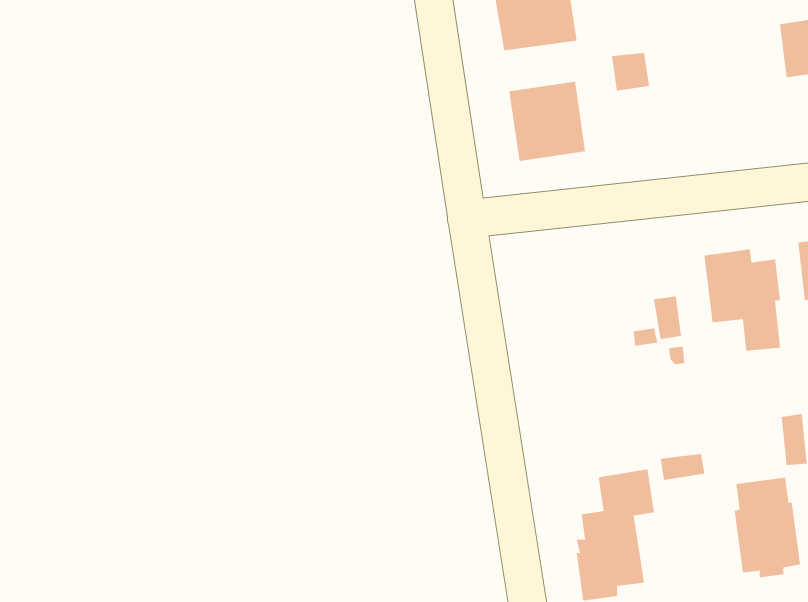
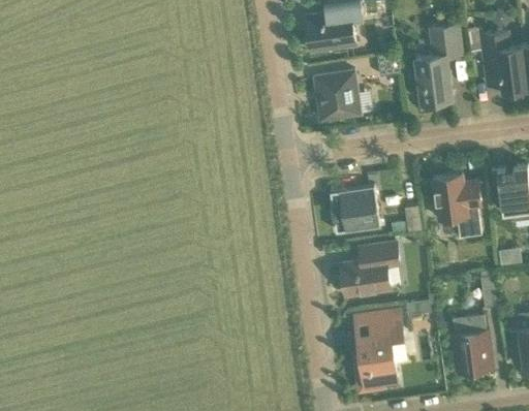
building: none -> [415,25,461,101]
building: none -> [330,185,379,232]
building: none -> [340,242,399,296]

